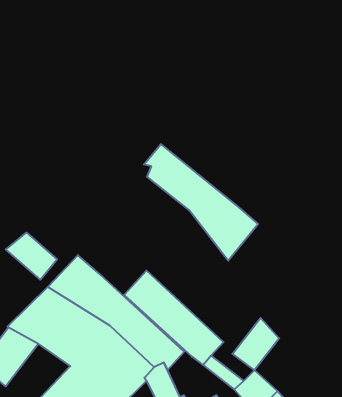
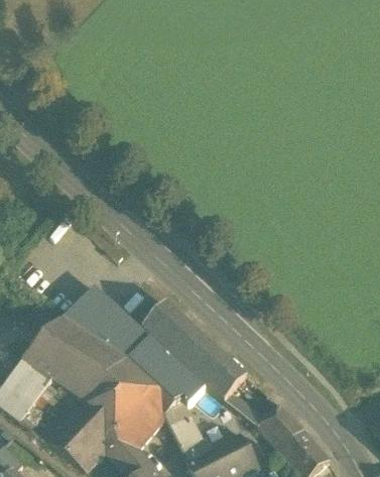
building: [144,144,258,261] -> none
building: [6,233,57,280] -> none
building: [232,318,279,370] -> none

